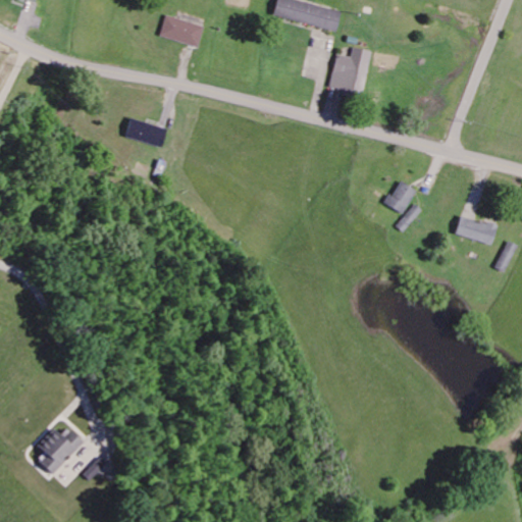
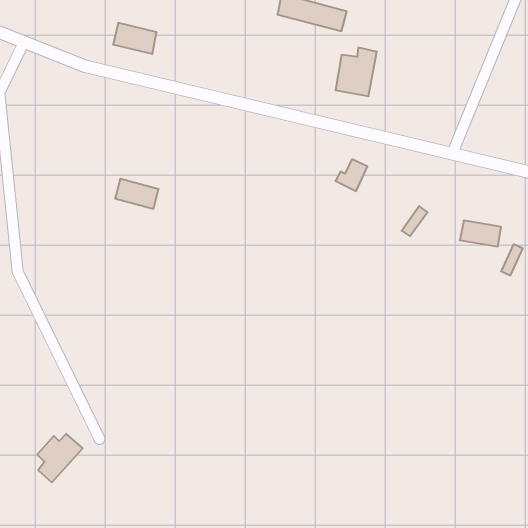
building: [160,15,203,46] -> [113,23,157,54]
building: [122,117,165,147] -> [115,179,159,209]
building: [382,181,414,213] -> [335,159,367,191]

